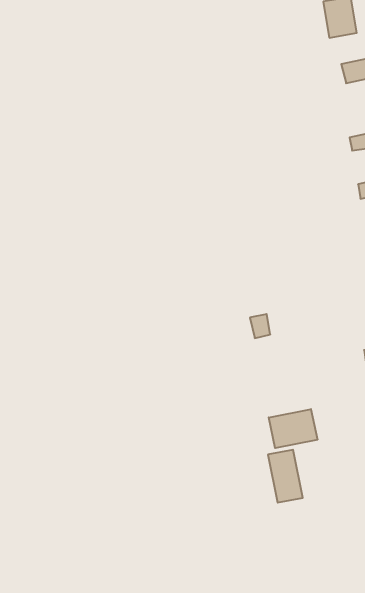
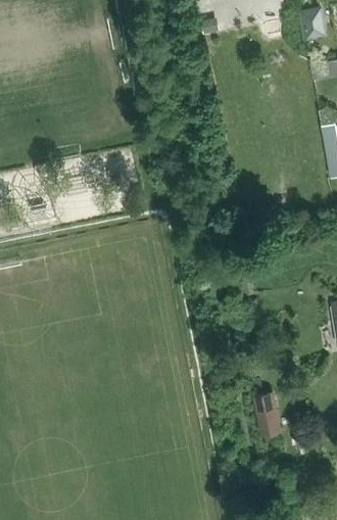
building: [269,409,317,448] -> none

